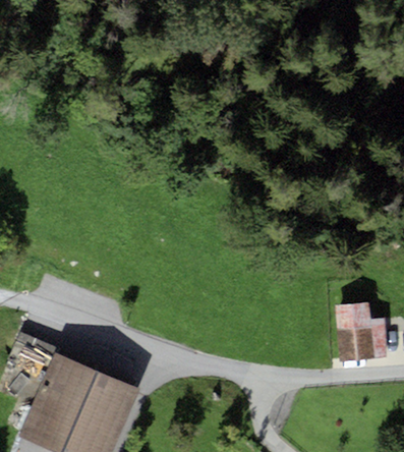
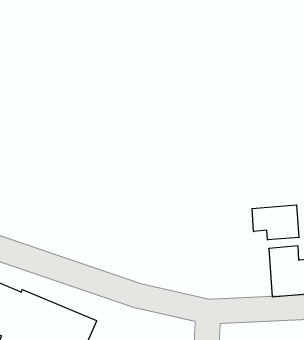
building: none -> [252,205,299,240]

